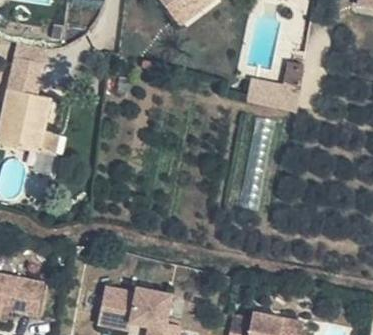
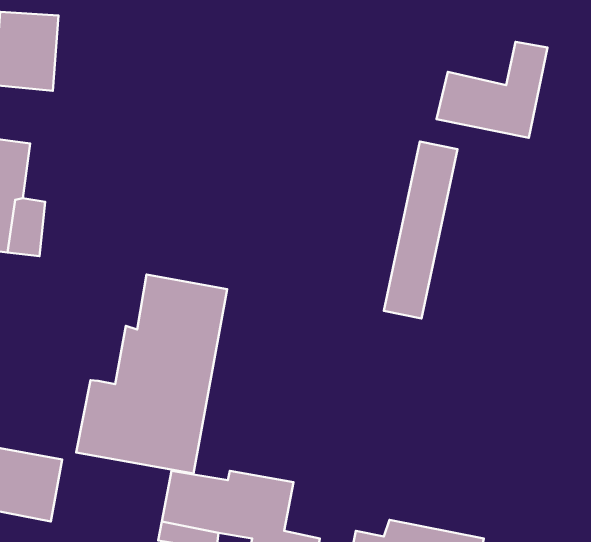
building: none -> [76,274,227,473]

